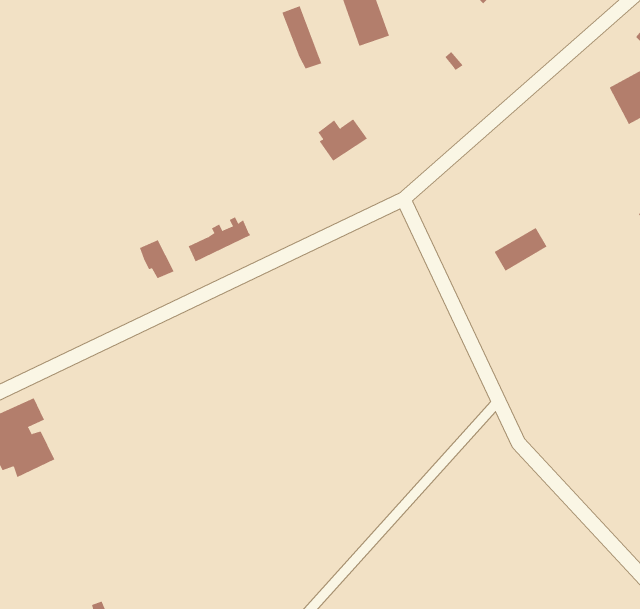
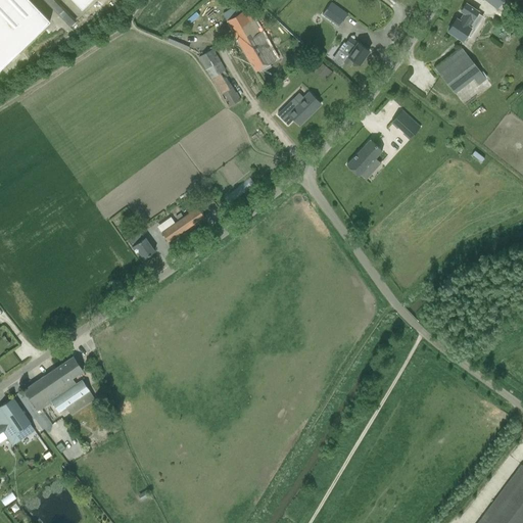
building: none -> [338,38,369,67]
building: [318,119,368,162] -> [285,93,321,126]
building: none -> [393,111,422,141]
building: [494,227,547,271] -> [342,140,379,175]

